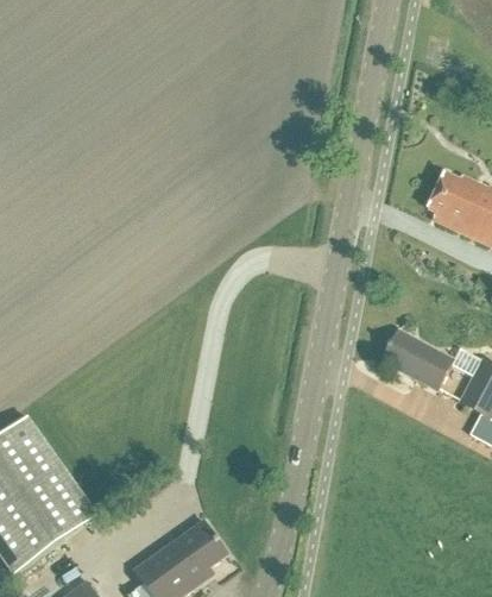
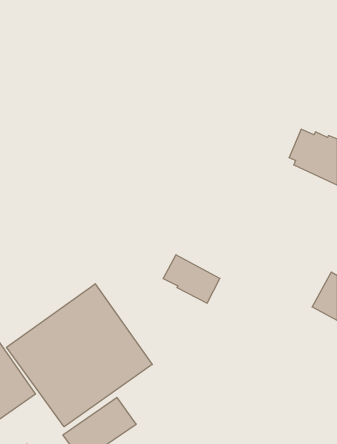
building: [383,327,456,390] -> [163,255,220,303]
building: none -> [7,284,152,427]

